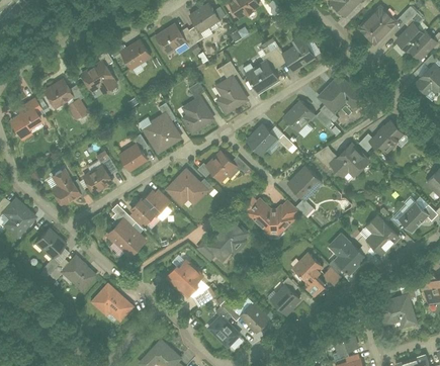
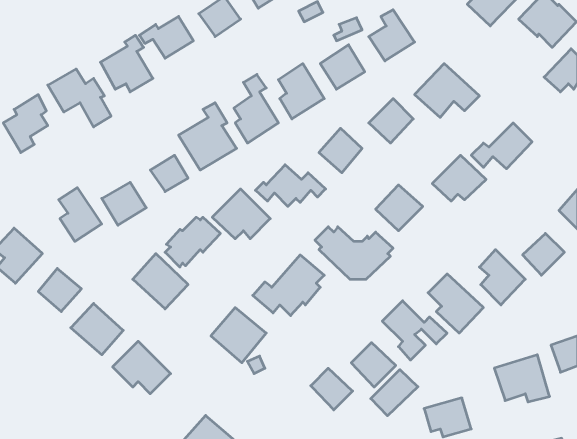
building: [206,301,242,349] -> none
building: none -> [371,370,418,416]

